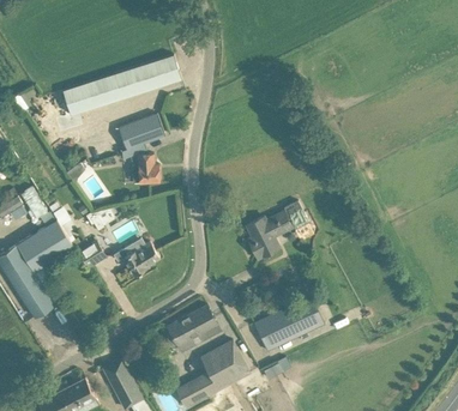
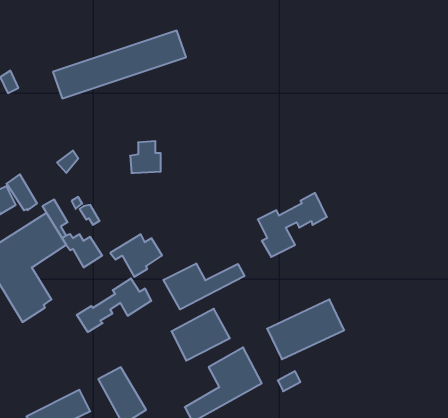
building: [116,115,164,158] -> none
building: none -> [163,263,244,309]
building: none -> [77,278,151,332]

